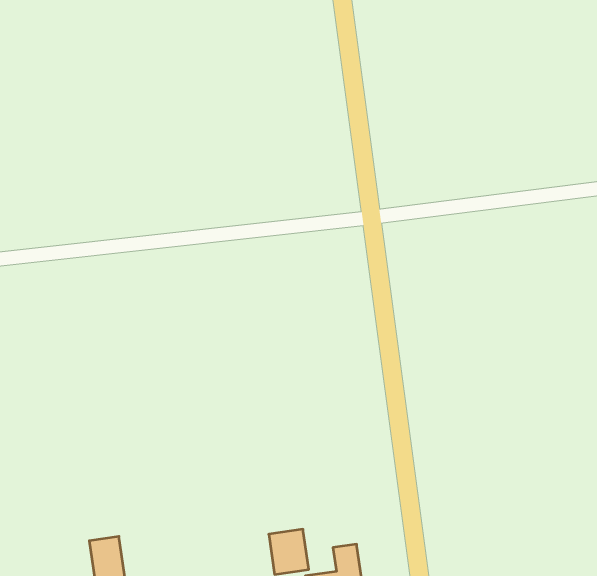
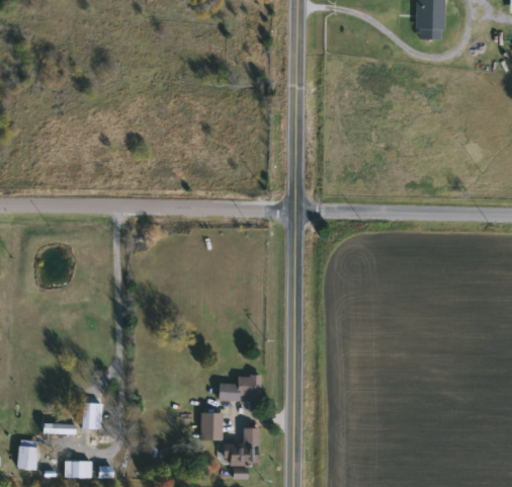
building: none -> [219,374,263,399]

